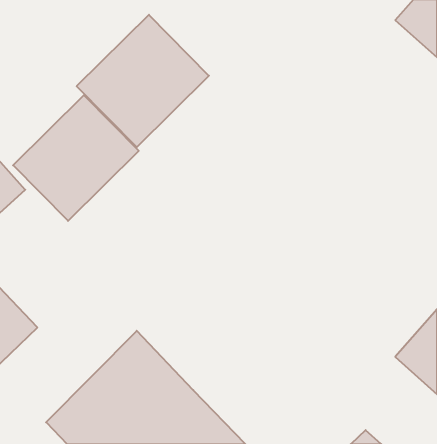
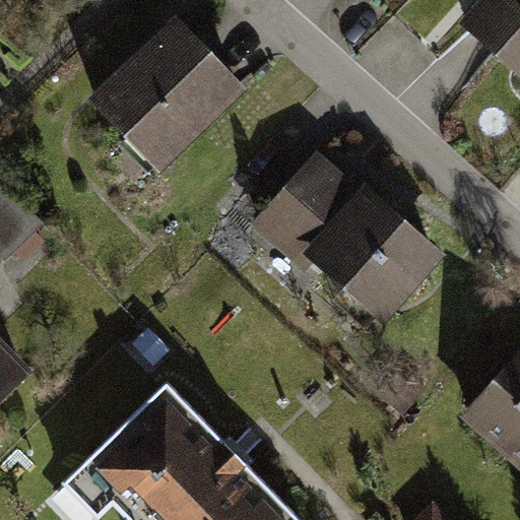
building: [13,95,139,221] -> none
building: none -> [254,145,448,336]

